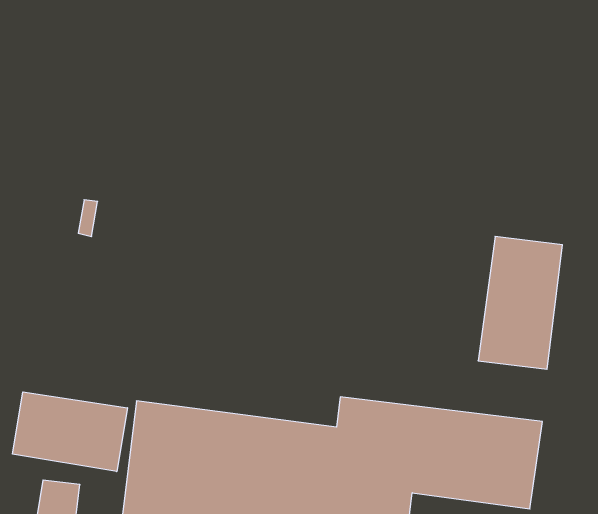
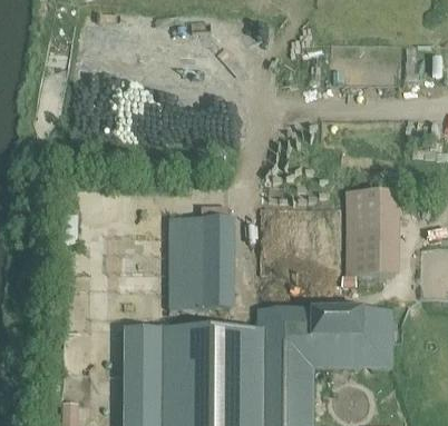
building: none -> [169,214,228,305]
building: [13,392,127,472] -> none

